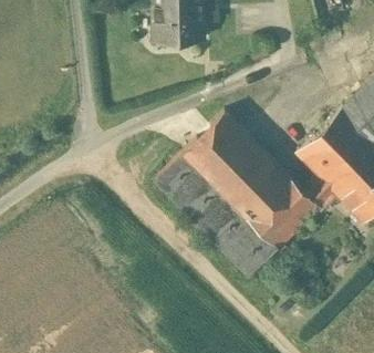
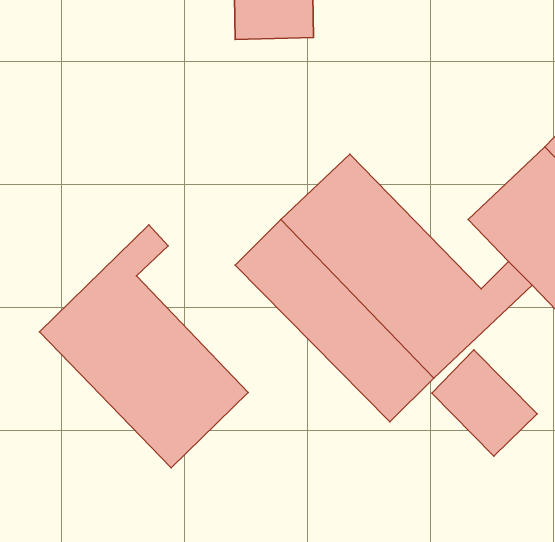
building: none -> [40,225,248,468]
building: none -> [432,350,537,456]

